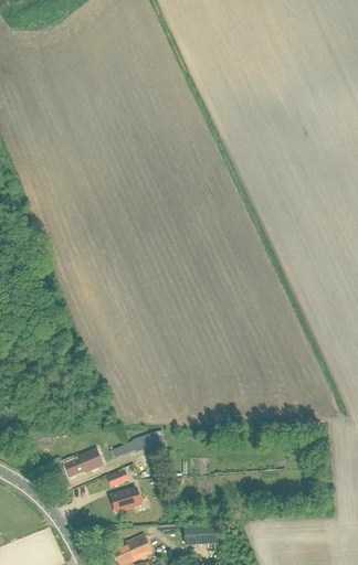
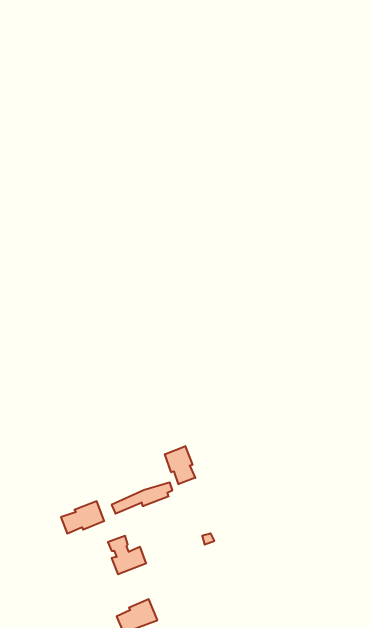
building: none -> [165,446,195,484]
building: [186,525,220,545] -> none

